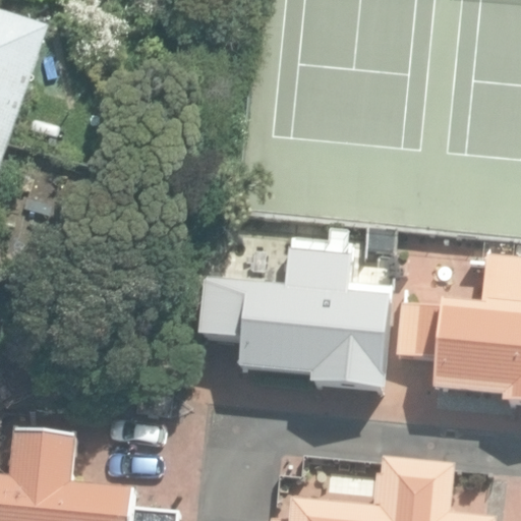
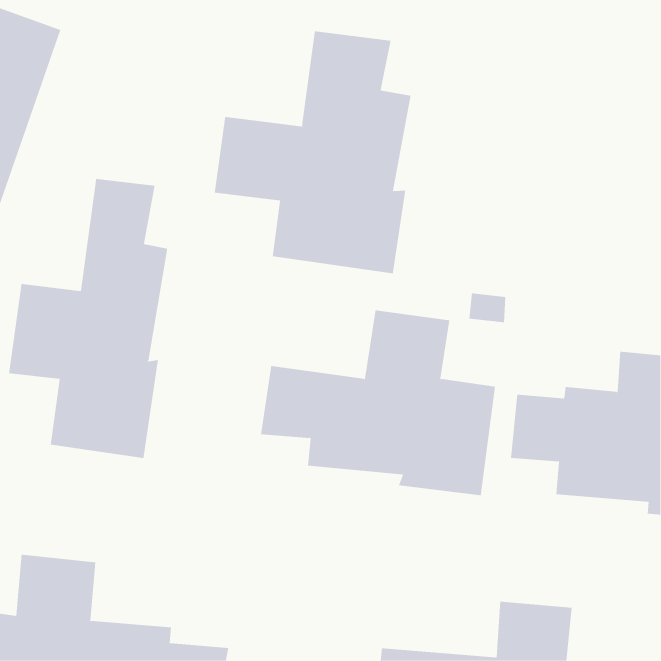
building: none -> [214,31,411,274]
building: none -> [9,178,168,459]

